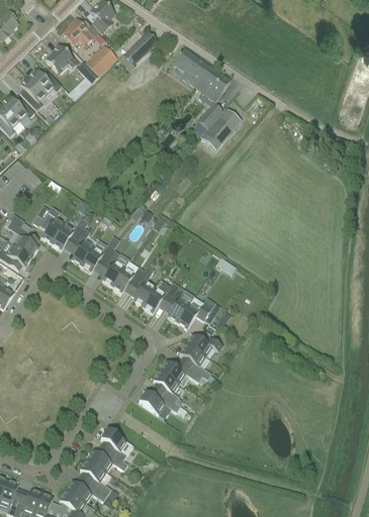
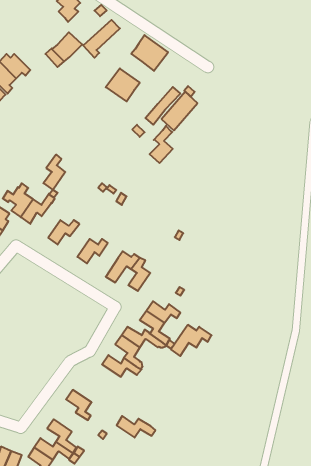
building: [63,18,98,44] -> none
building: [45,44,77,73] -> none
building: [194,66,230,101] -> [106,68,140,101]
building: none -> [150,126,173,163]
building: [71,227,94,265] -> [43,155,65,190]
building: [102,249,125,285] -> none
building: [132,265,156,306] -> none
building: [177,295,220,328] -> [171,325,212,356]
building: [87,448,128,472] -> [117,416,155,438]

